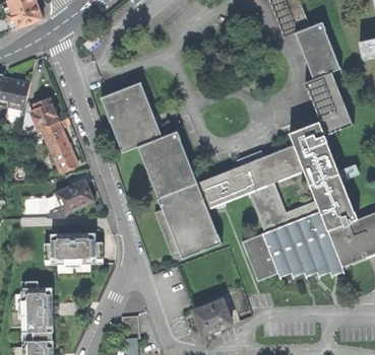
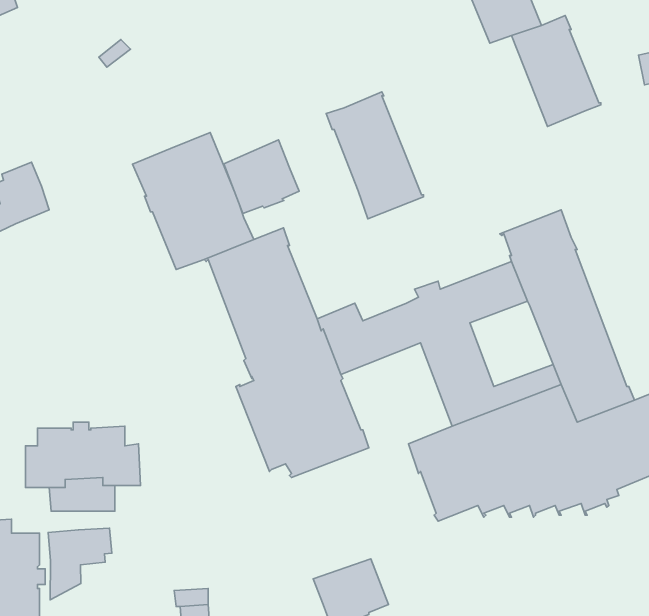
building: [304,71,354,136] -> [326,92,424,219]
building: none -> [224,140,299,213]
building: [41,122,77,171] -> none
building: [51,180,93,213] -> none
building: none -> [48,528,112,600]

